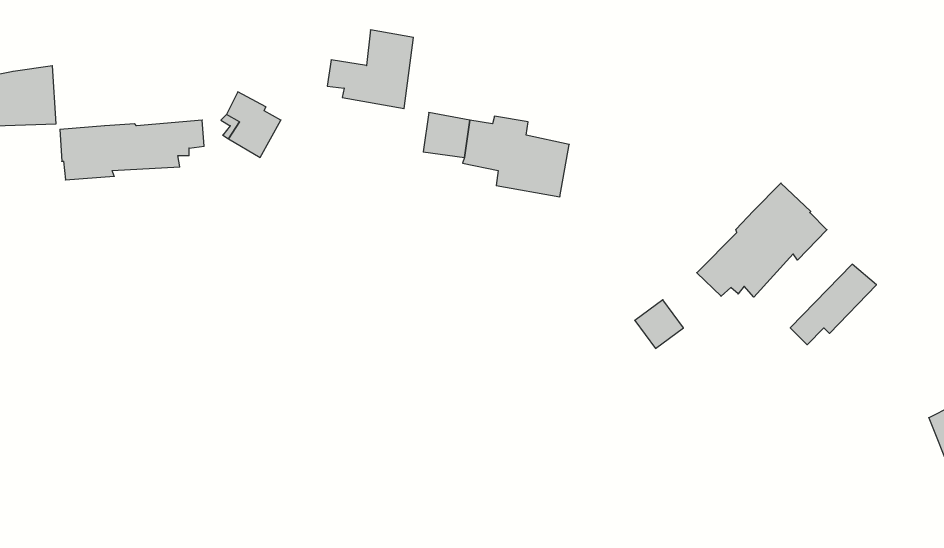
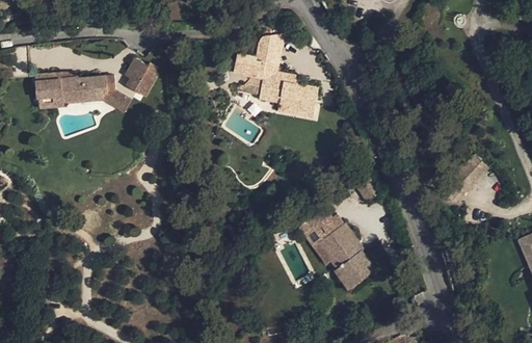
building: [327,30,413,109] -> [234,29,282,73]
building: none -> [101,89,132,112]
building: [697,183,827,297] -> none
building: none -> [311,213,375,289]

